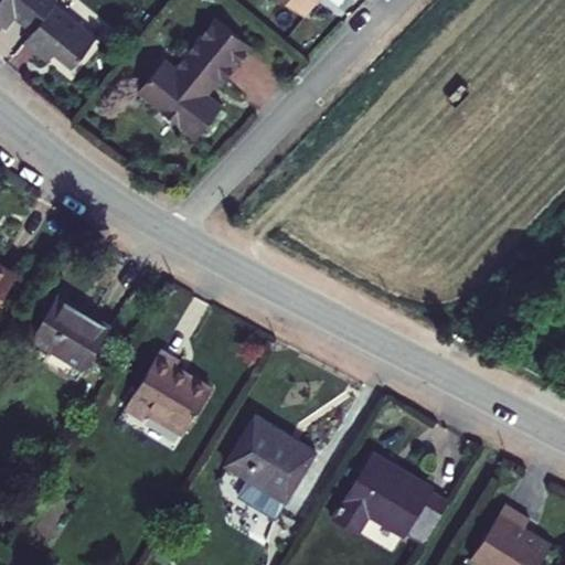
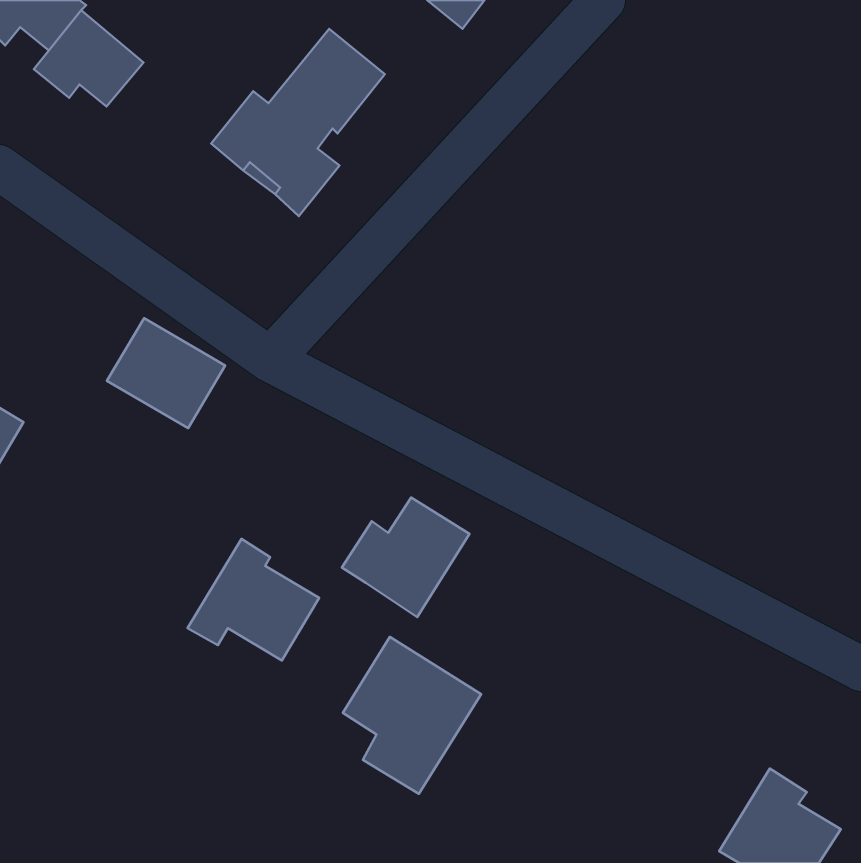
building: [31,297,108,369] -> [107,318,225,428]
building: none -> [342,498,469,617]
building: [334,456,447,545] -> none

